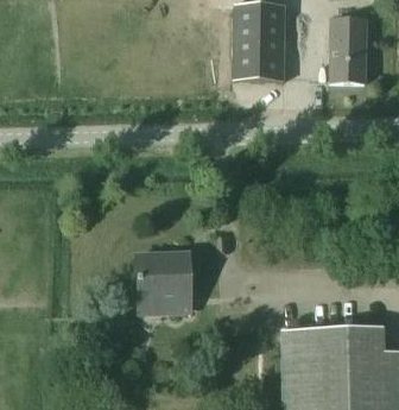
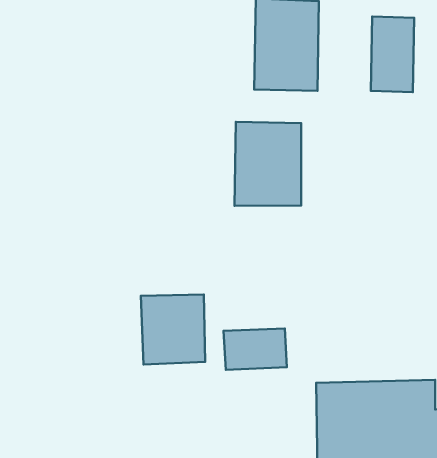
building: none -> [235,122,301,206]
building: none -> [224,328,287,370]

